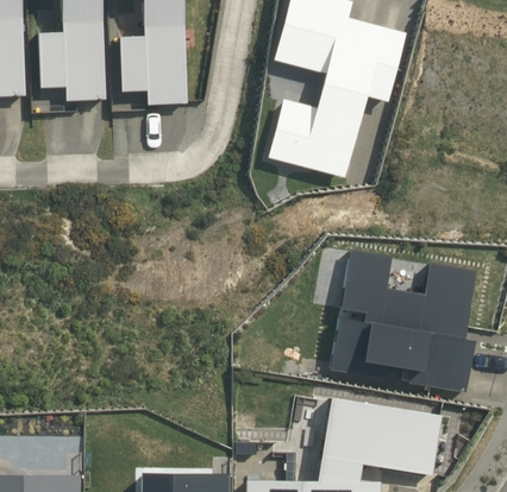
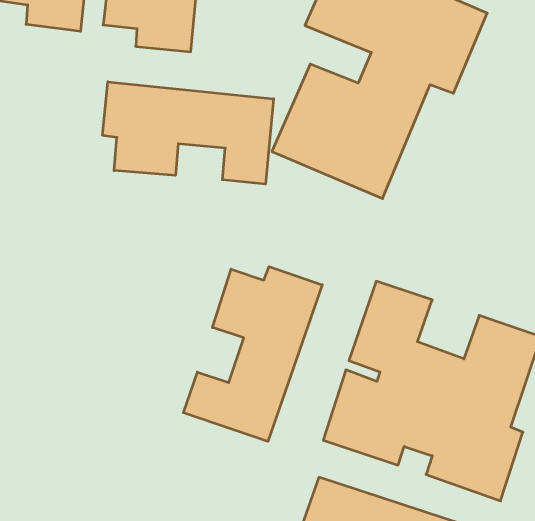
building: none -> [103,82,274,184]
building: none -> [183,267,322,441]

